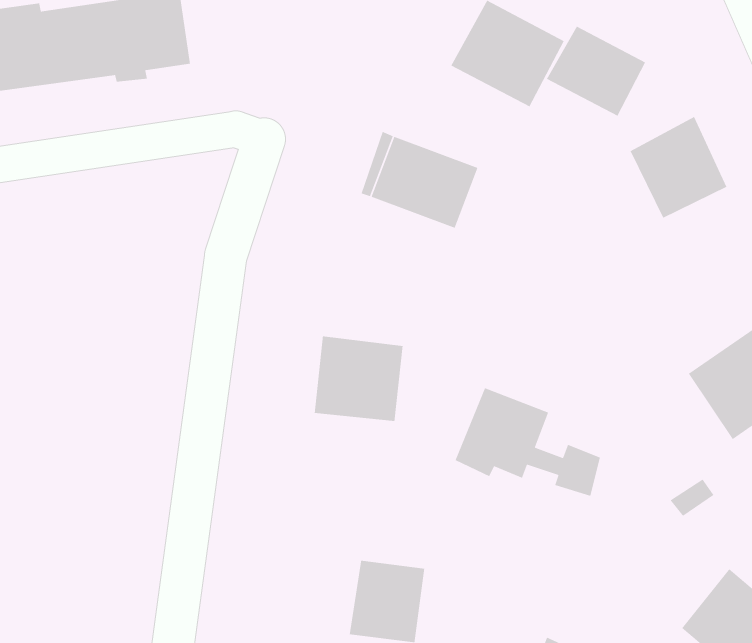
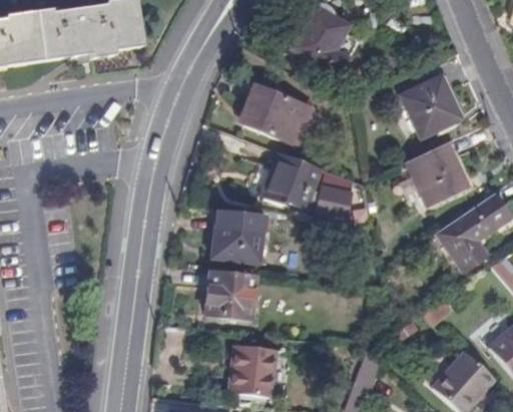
building: [546,25,646,117] -> none
building: none -> [407,142,467,203]
building: [455,387,601,497] -> [258,152,346,219]
building: none -> [206,271,256,319]

